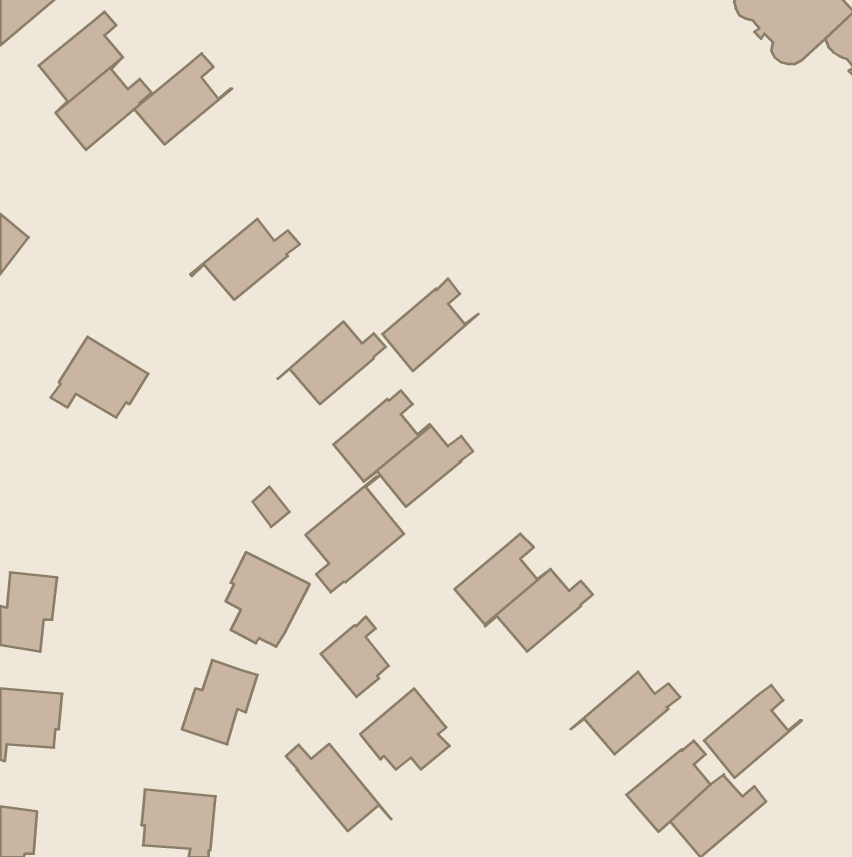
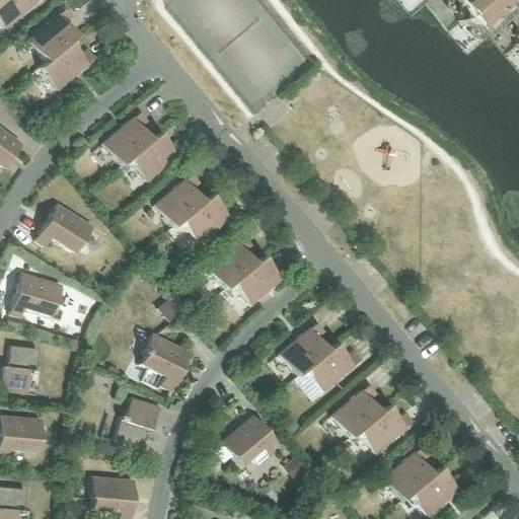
building: [134,53,232,144] -> [101,110,160,165]
building: [382,279,478,371] -> [154,172,212,228]
building: none -> [10,272,63,316]
building: [306,476,404,592] -> none
building: [321,617,389,697] -> none
building: [704,685,802,778] -> [330,383,389,439]
building: [286,744,391,831] -> none

